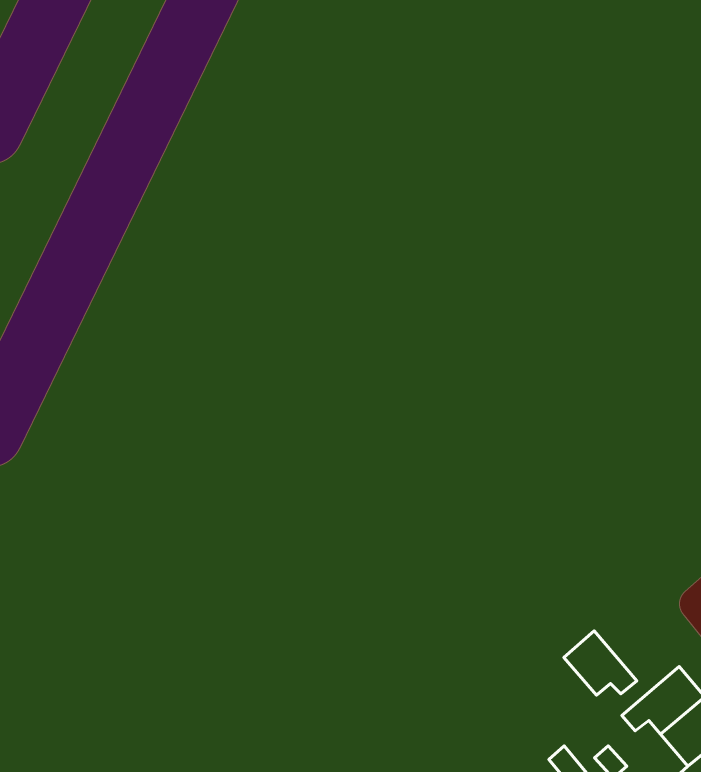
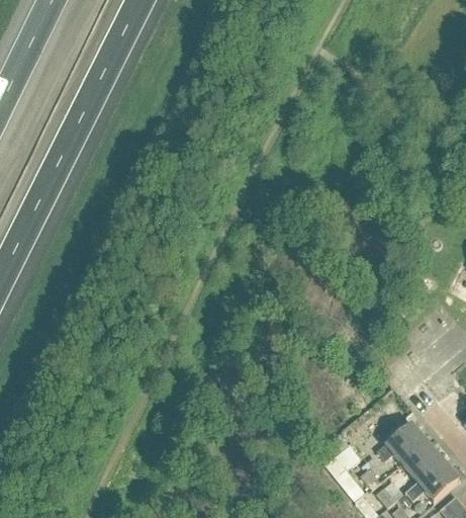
building: [564,631,637,695] -> none

